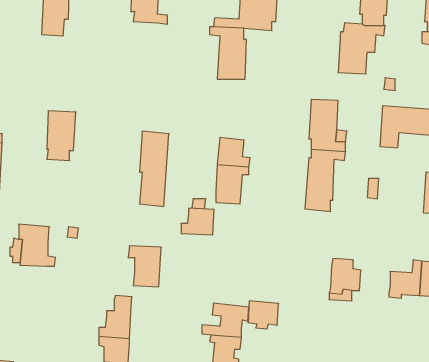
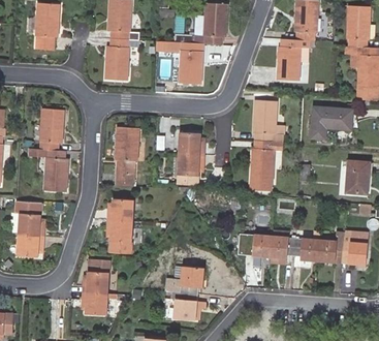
building: none -> [104,37,137,80]
building: none -> [28,148,67,190]
building: [181,208,214,235] -> [106,198,133,220]
building: none -> [293,230,319,259]
building: none -> [17,235,45,255]
building: [248,301,279,329] -> [246,234,271,256]

